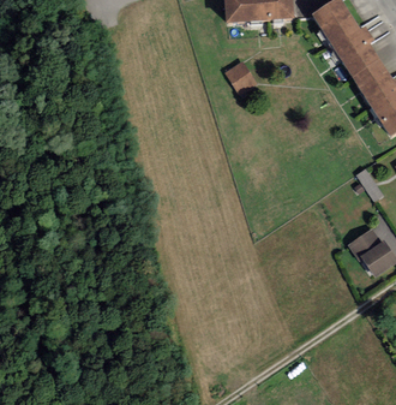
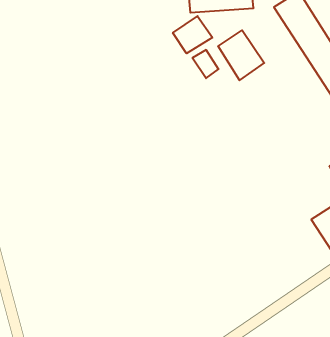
building: none -> [173,16,212,53]
building: none -> [218,30,264,80]

